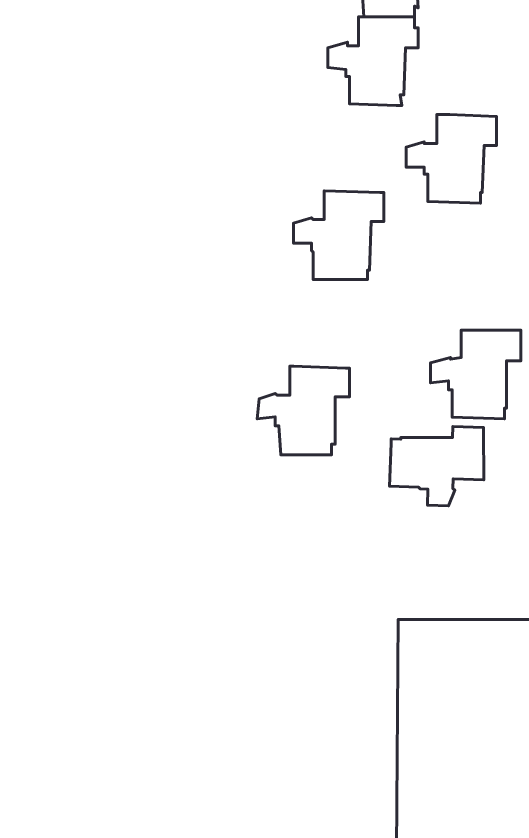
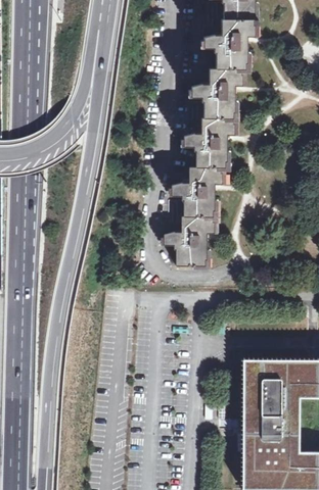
building: [406,115,497,203] -> [191,68,242,118]
building: [430,330,521,419] -> [172,167,223,217]
building: [390,426,484,506] -> none

